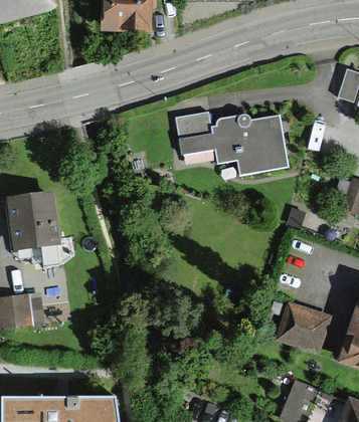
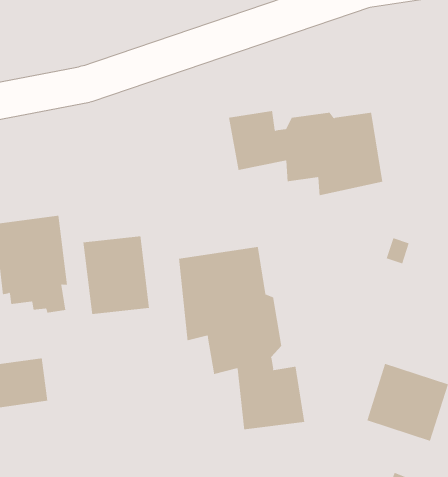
building: none -> [83,236,150,315]
building: none -> [179,246,305,430]

